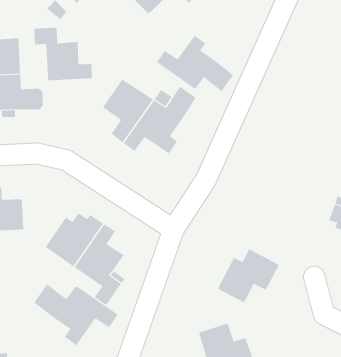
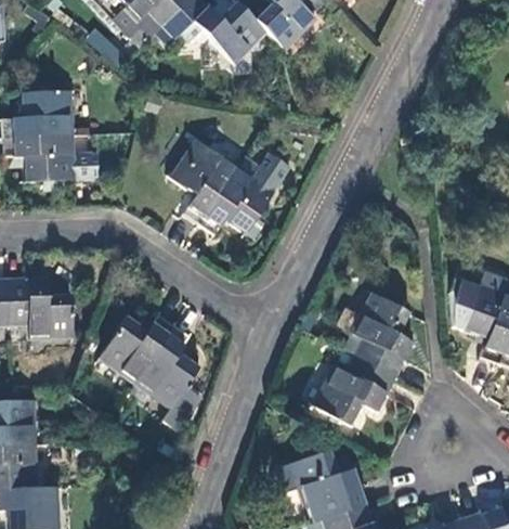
building: [34,27,92,81] -> none
building: [156,35,234,92] -> none
building: none -> [354,295,413,377]
building: [34,283,118,346] -> none

